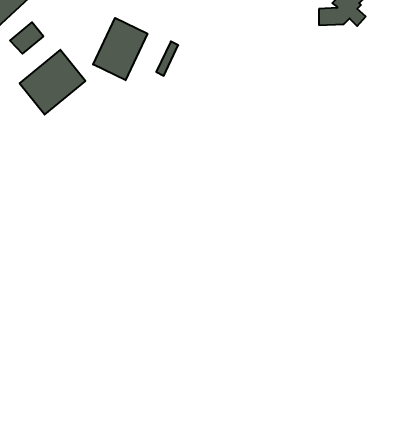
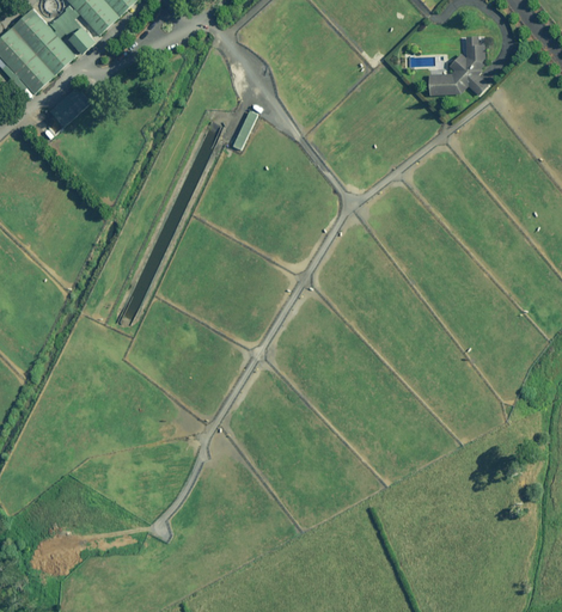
building: [93,18,147,80] -> none
building: [20,50,85,115] -> none

